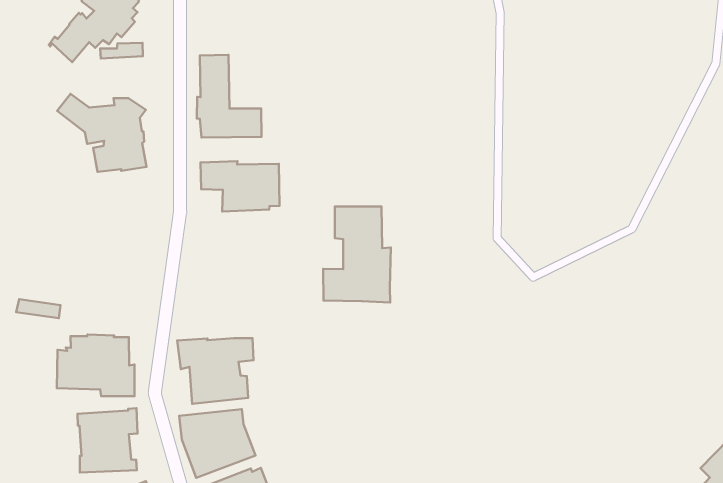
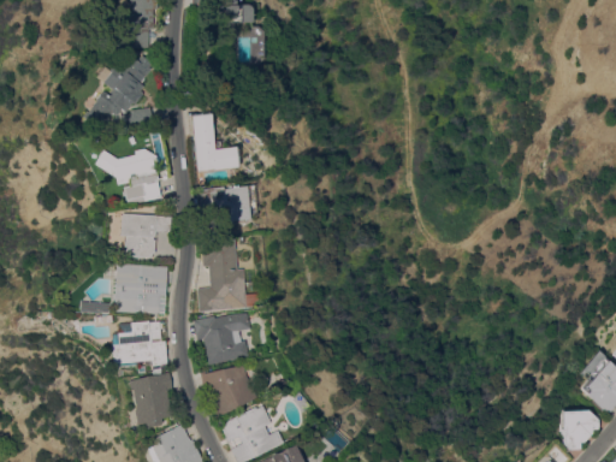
building: none -> [119,213,171,257]
building: [323,206,391,302] -> [199,239,249,312]
building: none -> [113,263,168,315]

